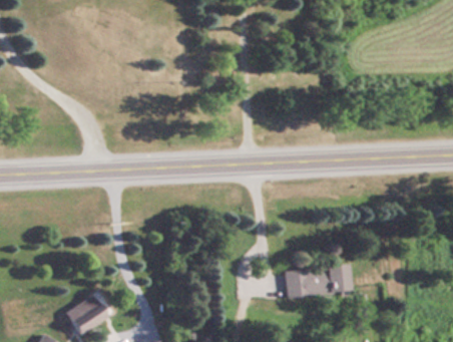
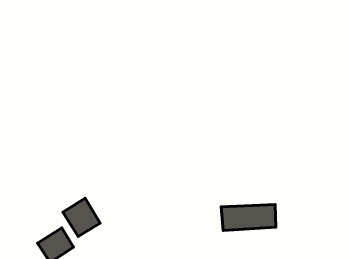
building: none -> [63,198,100,236]

